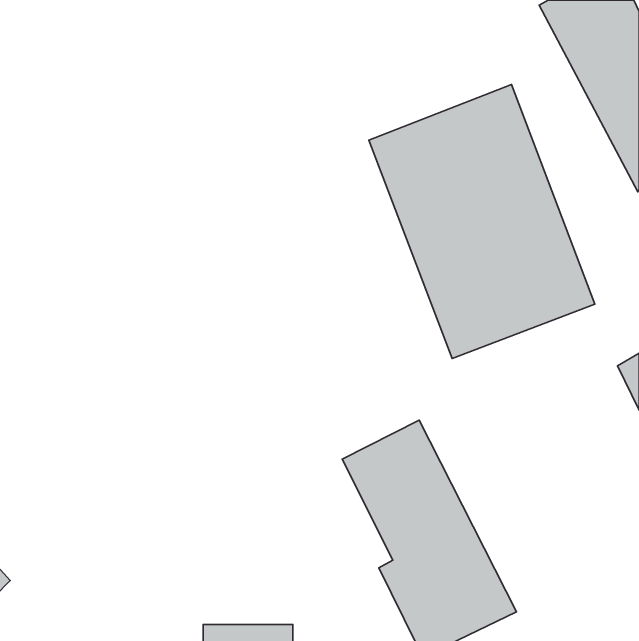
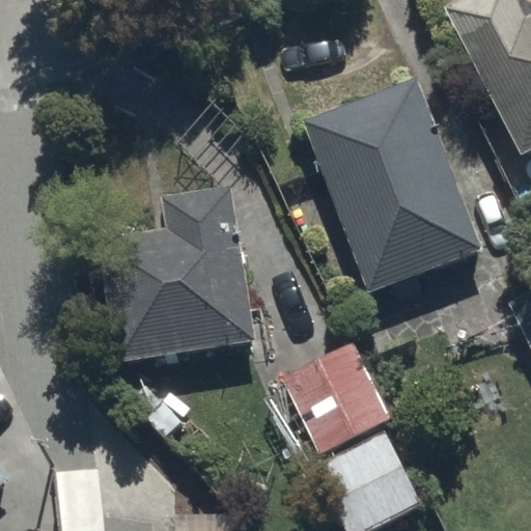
building: none -> [97,187,255,356]

